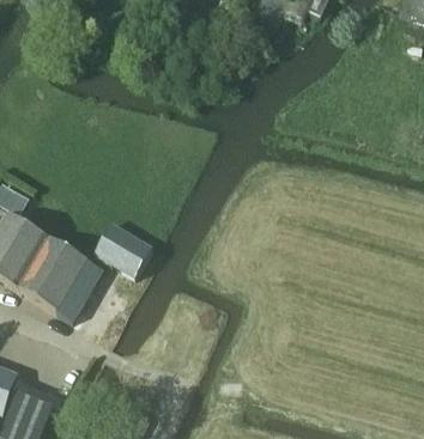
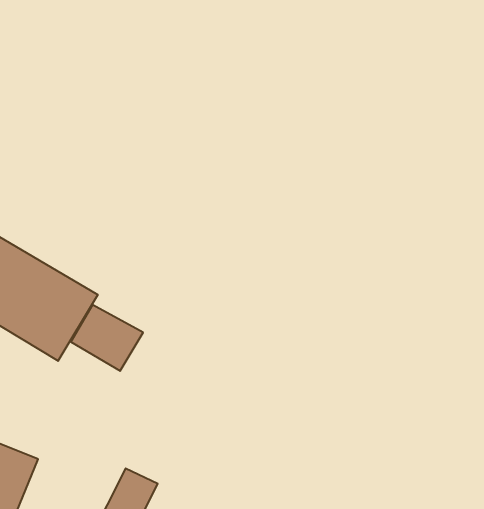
building: [96,224,152,275] -> [71,305,143,371]

